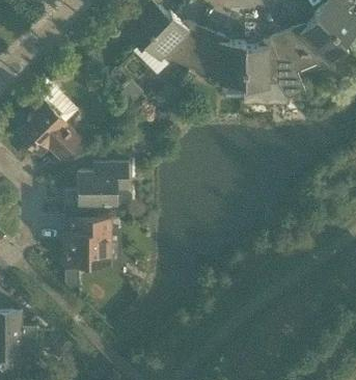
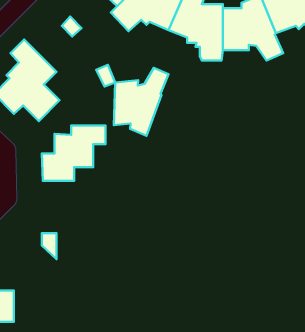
building: none -> [114,68,168,136]
building: [66,219,110,267] -> none

